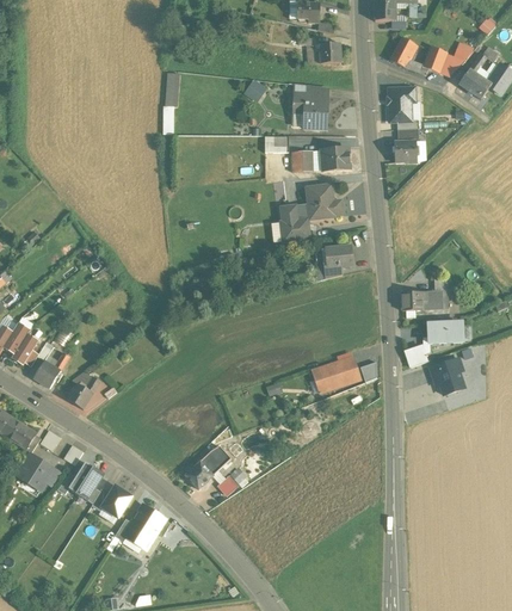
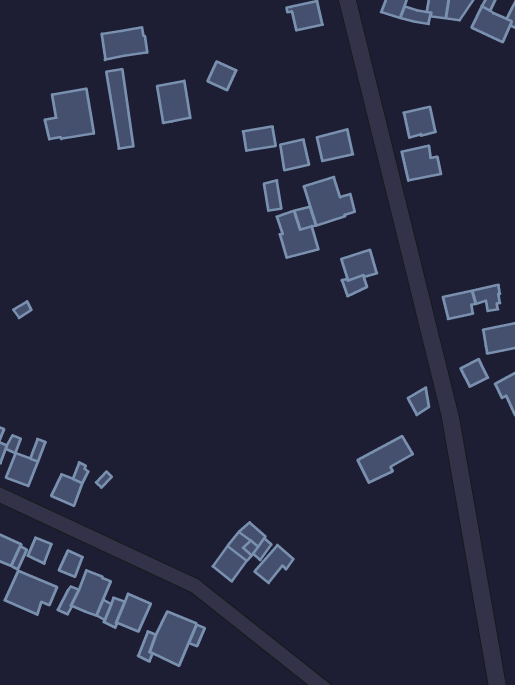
building: none -> [102,27,147,60]
building: none -> [45,89,94,139]
building: [389,86,415,121] -> none
building: none -> [157,81,190,123]
building: [294,92,327,128] -> none
building: none -> [402,146,441,181]
building: [314,357,358,389] -> [358,436,413,483]

